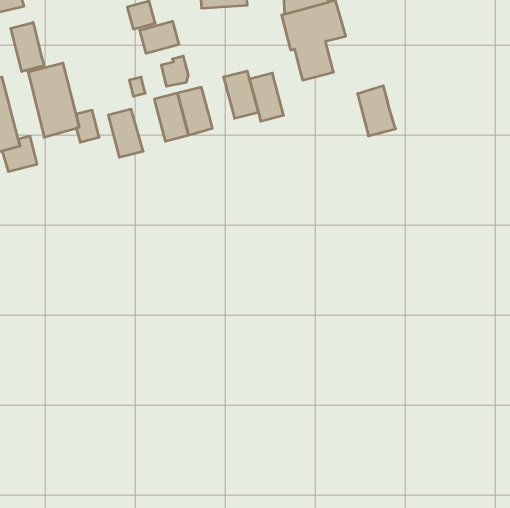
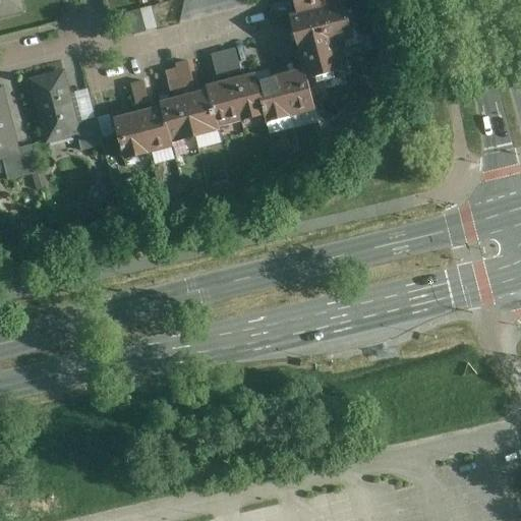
building: [140,21,179,53] -> none
building: [11,22,44,72] -> none
building: none -> [209,44,238,72]
building: none -> [204,78,238,126]
building: [357,86,396,136] -> [277,66,315,117]
building: none -> [133,105,169,154]

